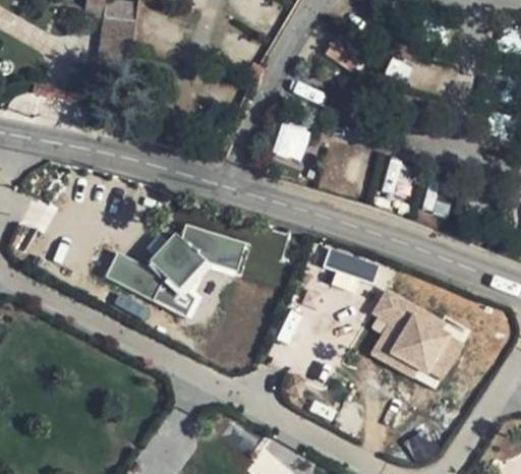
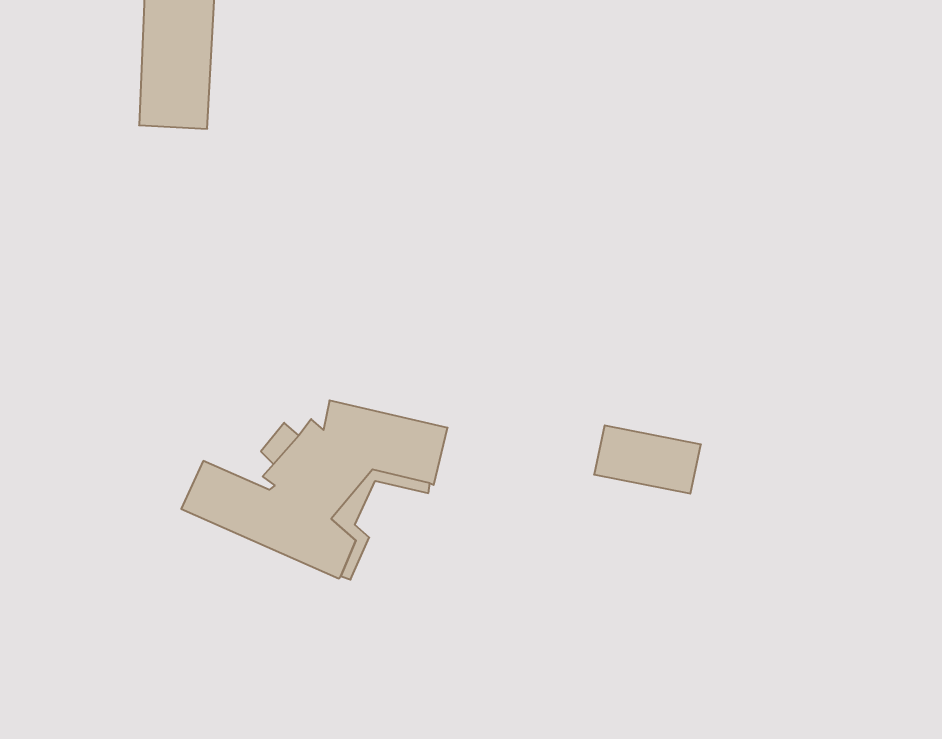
building: [273,118,312,160] -> none
building: [361,290,469,389] -> none

